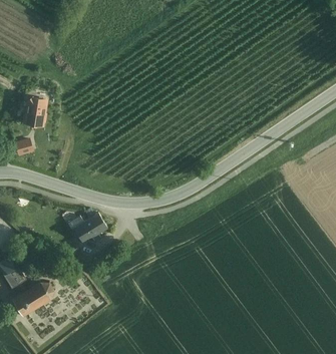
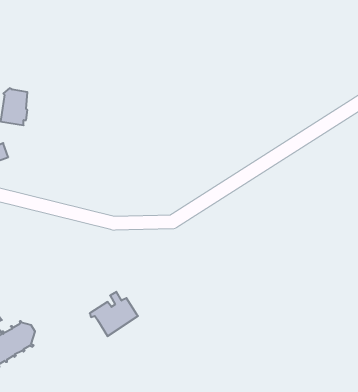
building: [68,209,106,244] -> [90,292,138,336]

